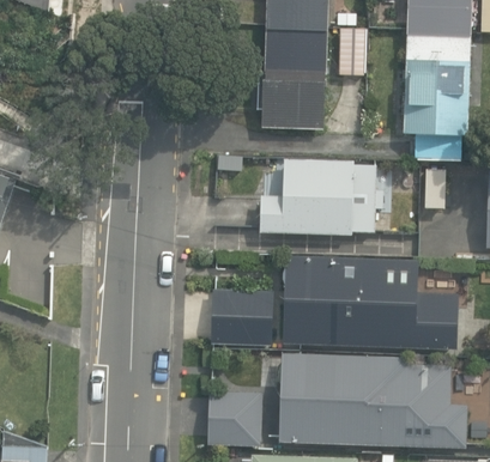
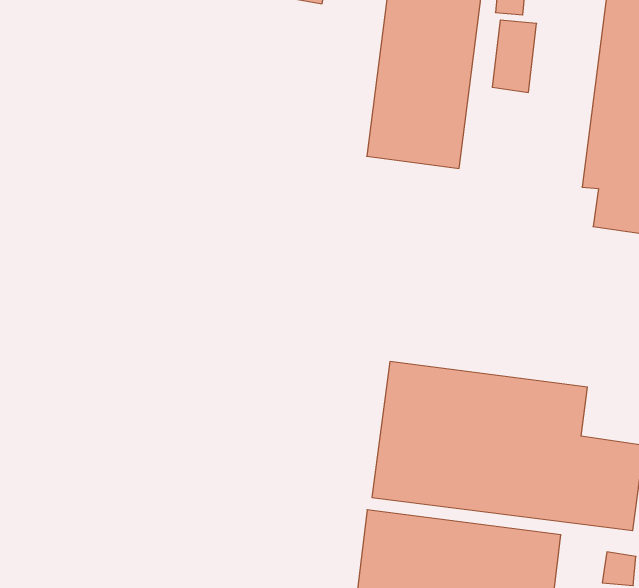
building: [260,156,386,233] -> none
building: [212,287,273,339] -> none

